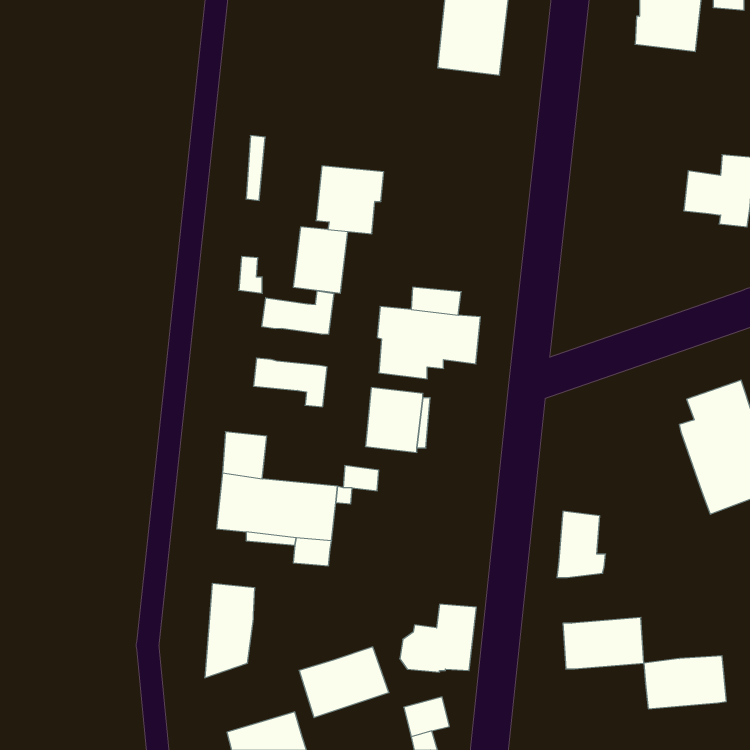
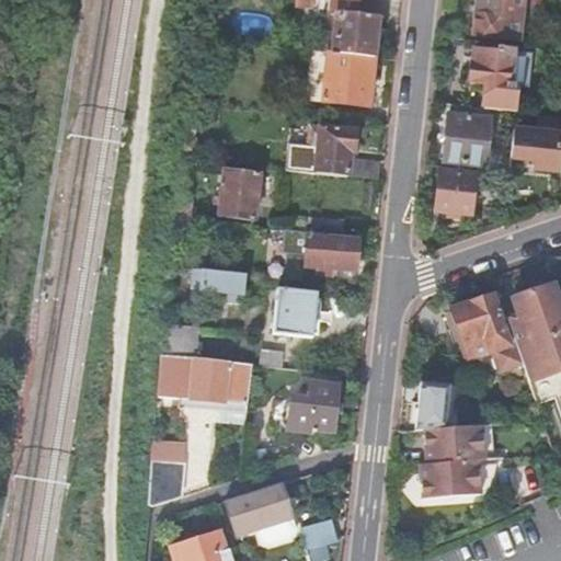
building: none -> [470,47,518,111]
building: none -> [324,50,374,104]
building: none -> [443,113,490,165]
building: [316,166,384,234] -> [307,124,357,174]
building: none -> [435,168,476,219]
building: [262,291,334,334] -> none
building: none -> [445,293,523,370]
building: [400,604,476,672] -> [282,380,339,431]
building: [644,656,726,709] -> [424,424,485,463]

